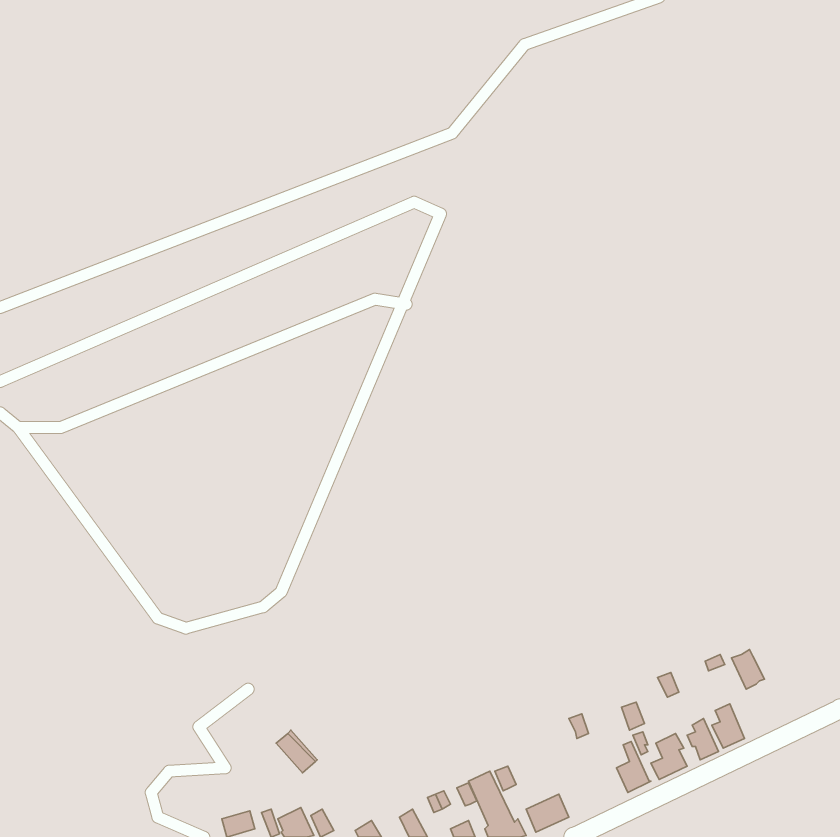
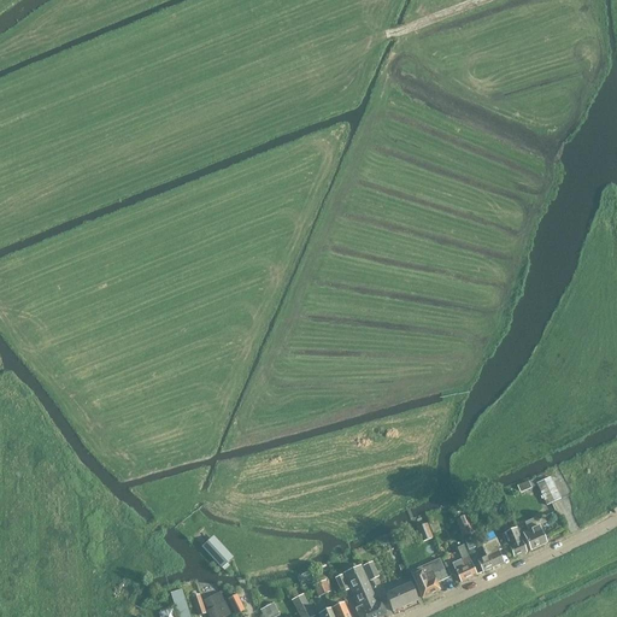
building: none -> [411,558,447,597]

